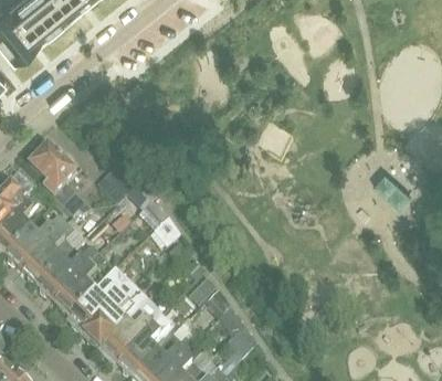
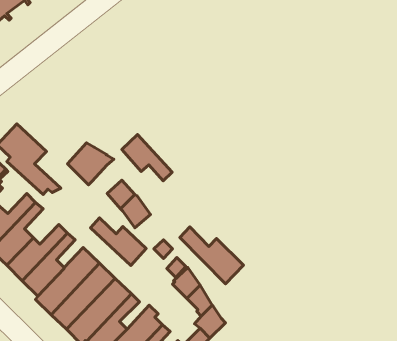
building: none -> [122,134,172,181]
building: none -> [91,218,146,266]
building: none -> [180,227,243,284]

